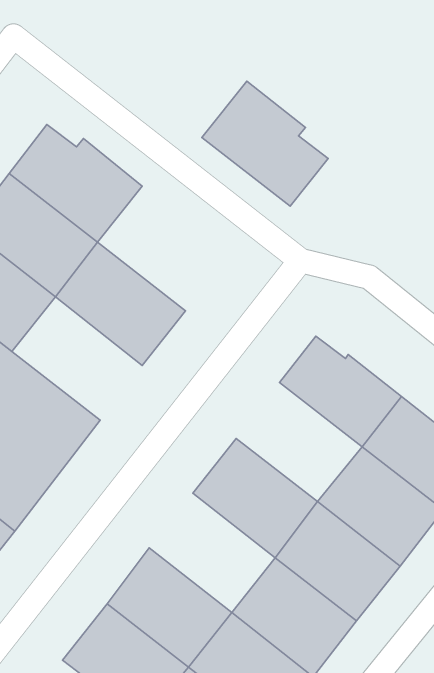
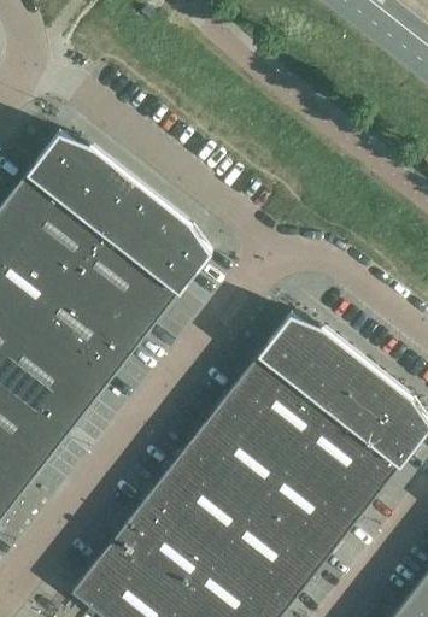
building: [202,81,328,206] -> [102,184,211,292]
building: none -> [29,280,141,386]
building: none -> [222,353,330,456]
building: none -> [147,448,256,551]

